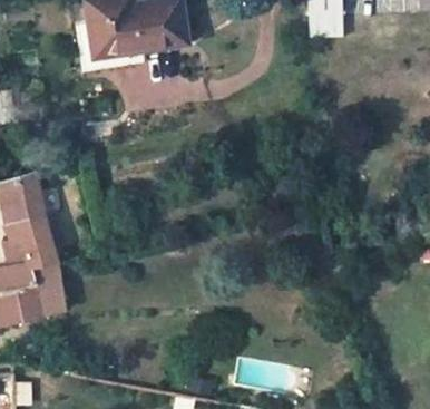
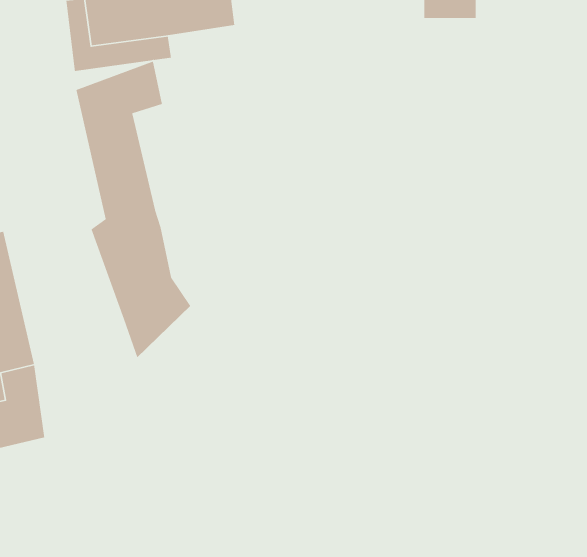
building: none -> [76,61,191,359]

